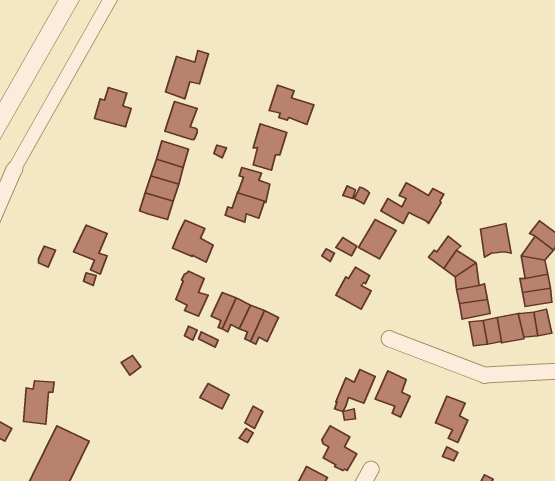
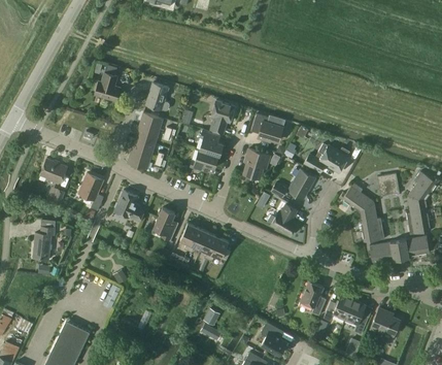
building: [165,51,209,99] -> none
building: [269,85,314,125] -> [251,113,284,142]
building: none -> [244,150,271,179]
building: none -> [41,159,68,185]
building: [172,220,213,262] -> [115,191,145,222]
building: [335,370,375,412] -> [324,295,353,326]
building: [23,381,54,424] -> [34,228,57,260]
building: none -> [371,308,401,337]

